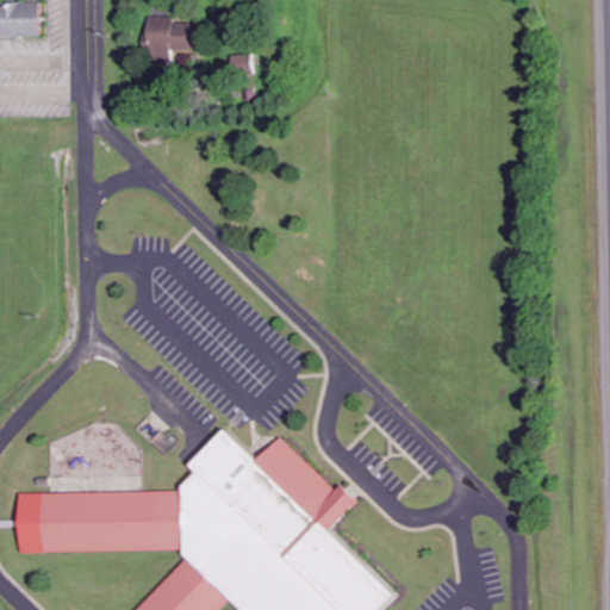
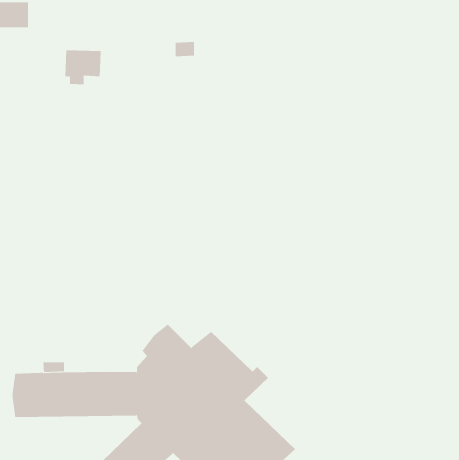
building: [144,18,193,64] -> [65,50,101,85]

